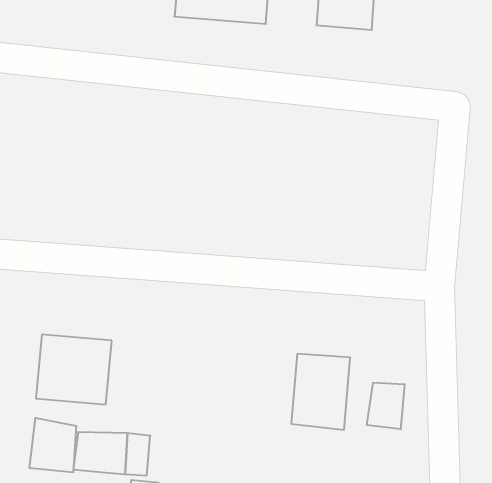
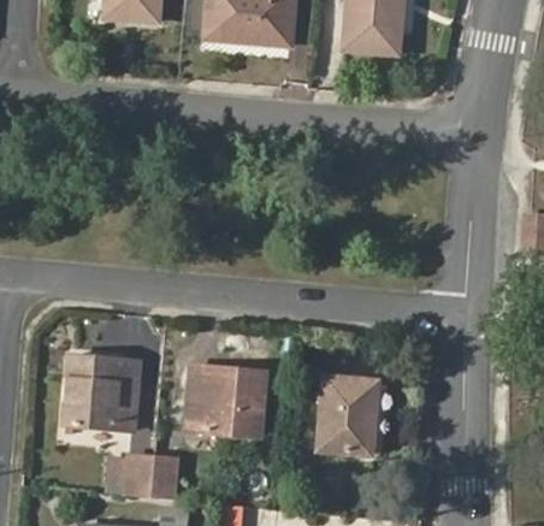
building: none -> [188,368,265,435]
building: [367,383,404,429] -> none
building: [30,418,76,472] -> none

